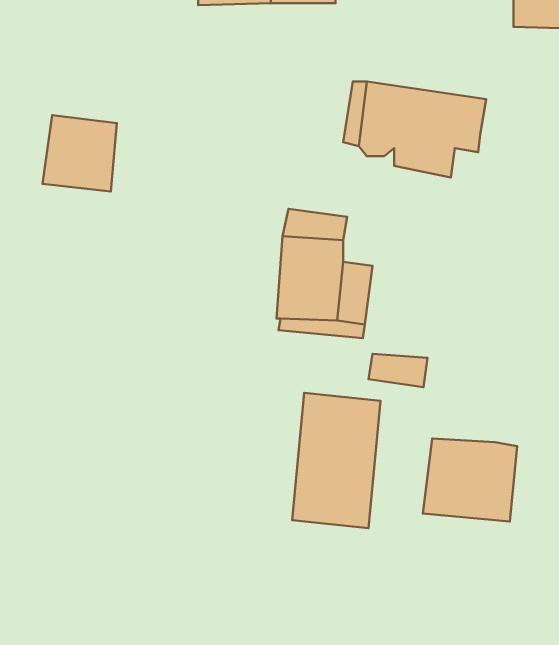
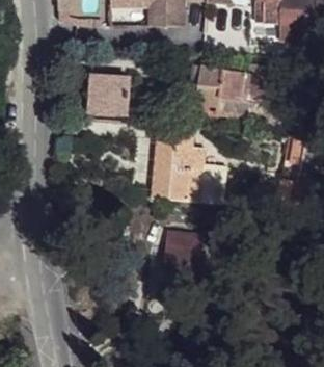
building: [42,115,117,192] -> [88,73,128,113]
building: [423,439,517,521] -> none

